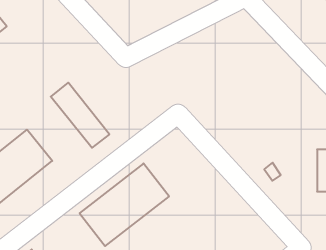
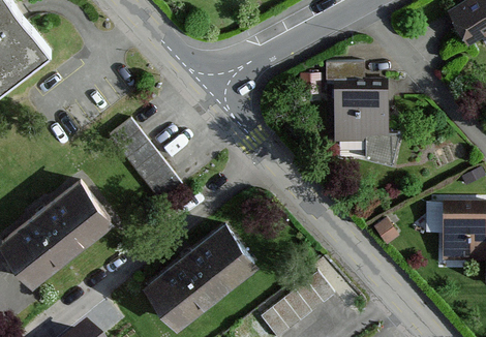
building: none -> [323,63,397,166]

